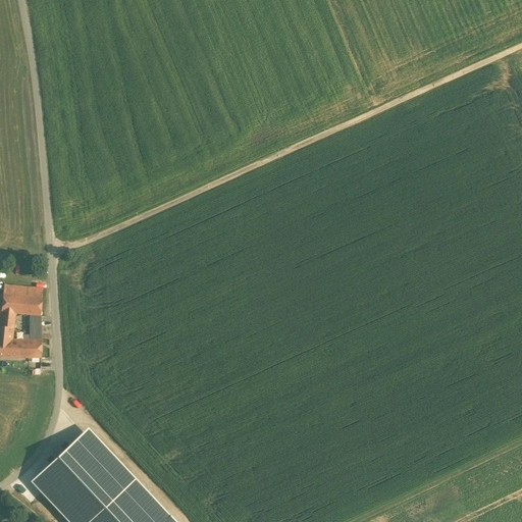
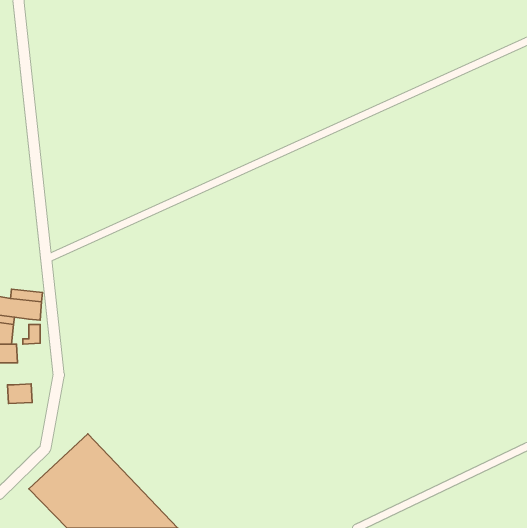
building: [16,338,41,358] -> [7,384,32,404]

